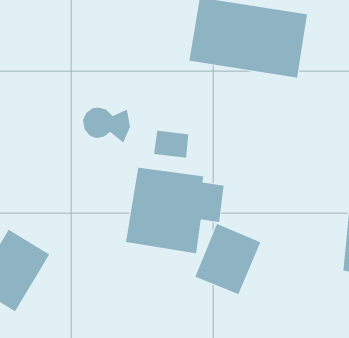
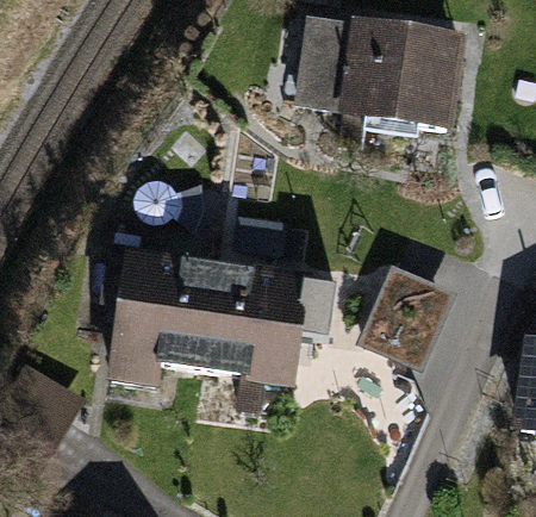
building: none -> [111,251,217,388]
building: [194,223,261,295] -> [357,257,454,361]

